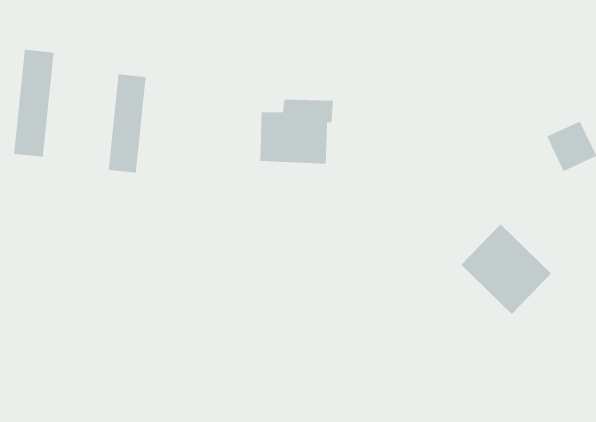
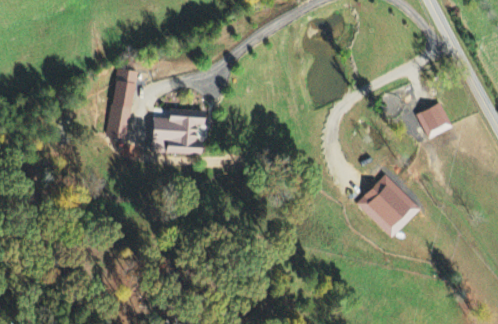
building: [13,49,54,158] -> none
building: [259,99,334,164] -> [151,106,203,152]

